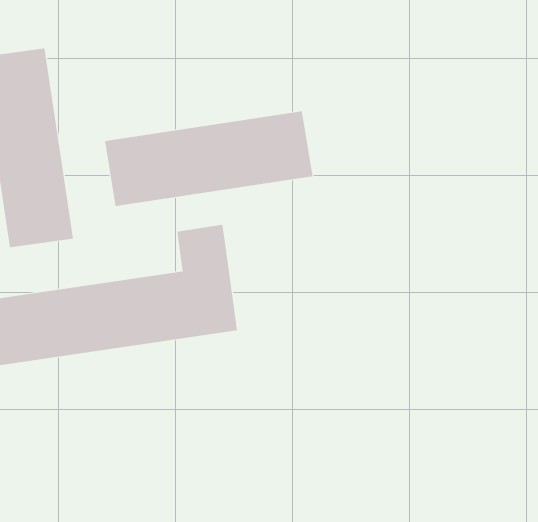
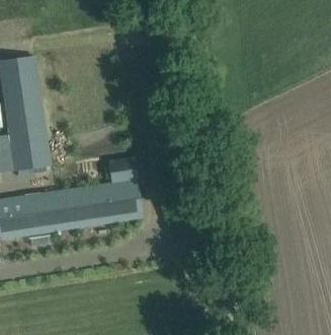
building: [104,110,313,207] -> none

